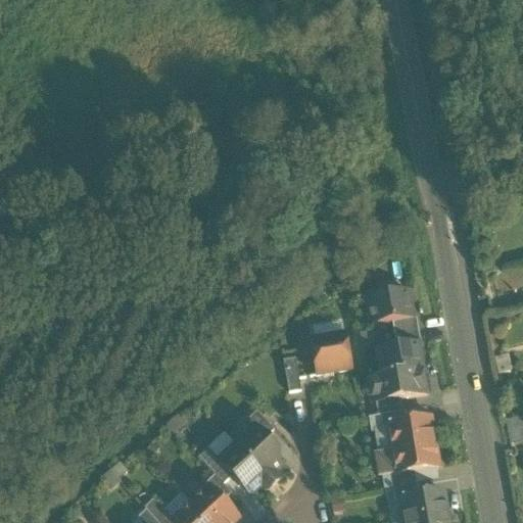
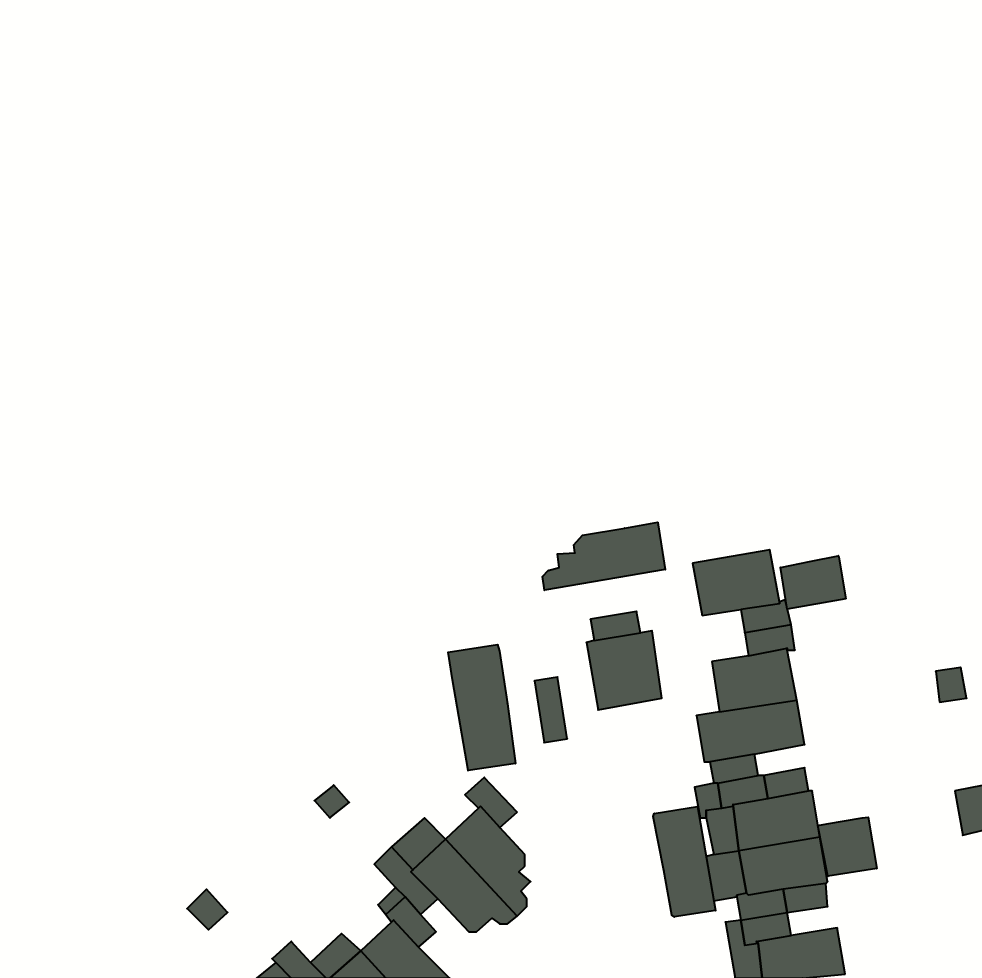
building: none -> [543,522,665,590]
building: none -> [780,556,846,609]
building: none -> [448,645,515,771]
building: none -> [653,806,716,917]
building: none -> [818,817,877,876]

